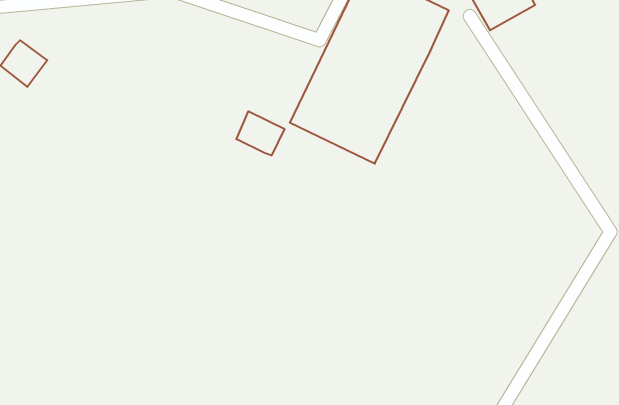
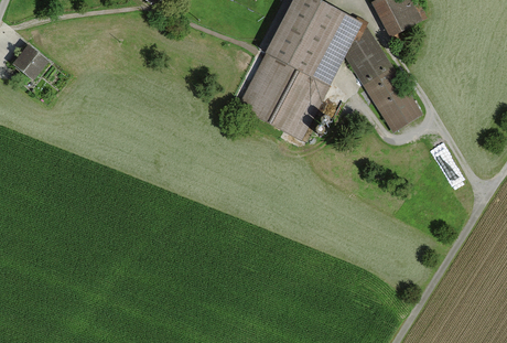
building: none -> [345,22,421,129]
building: [236,111,284,155] -> none

